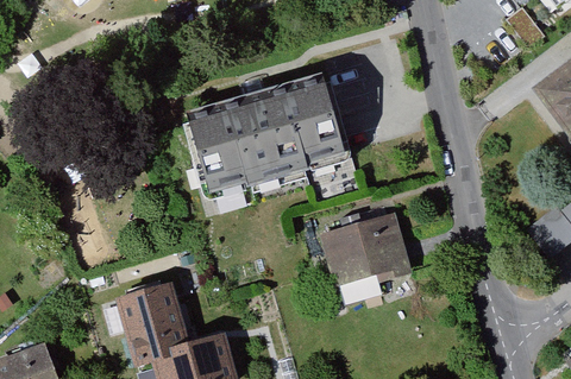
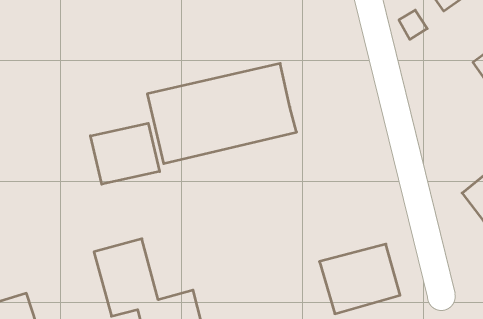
building: none -> [90,123,160,184]
building: [319,214,407,290] -> [319,244,400,314]

